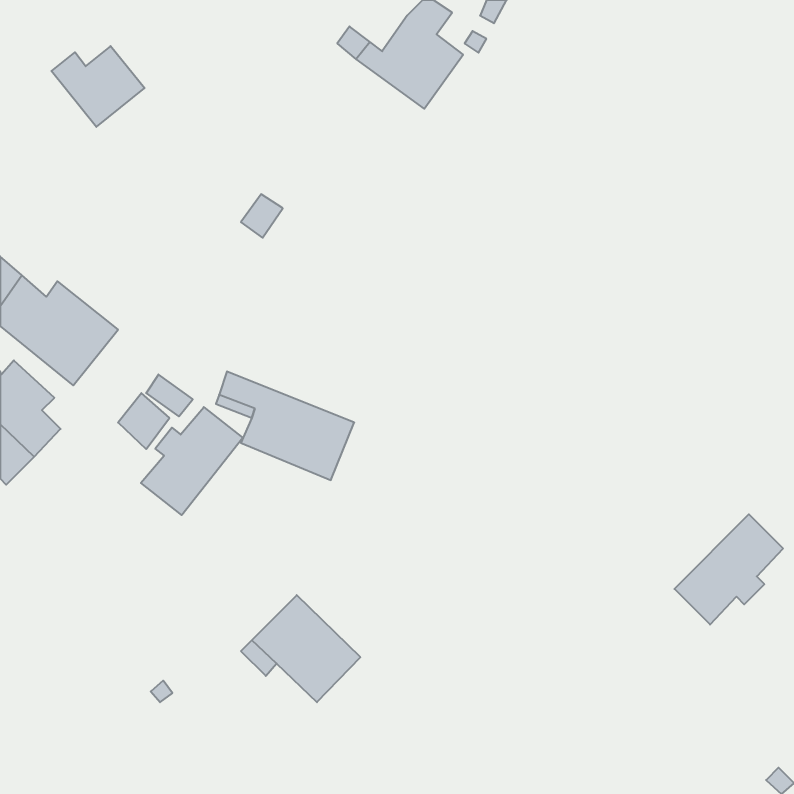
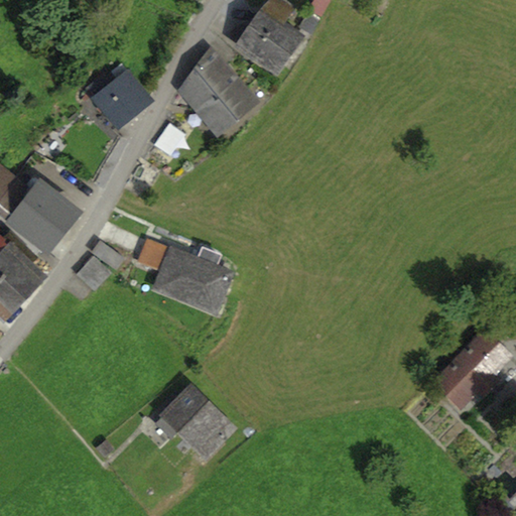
building: [51,46,145,127] -> [90,72,150,124]
building: none -> [181,48,253,133]
building: [141,407,243,515] -> none

